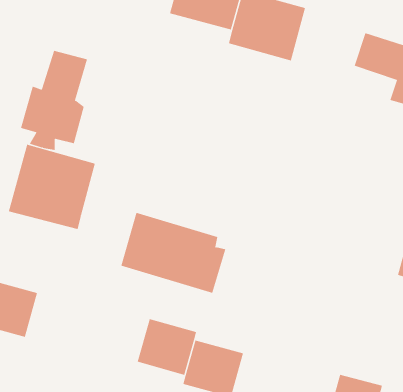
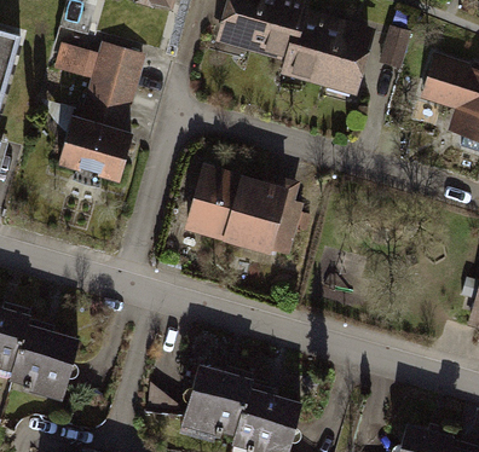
building: none -> [56,45,142,87]
building: [8,144,96,230] -> none
building: [120,212,226,294] -> [186,167,301,255]

